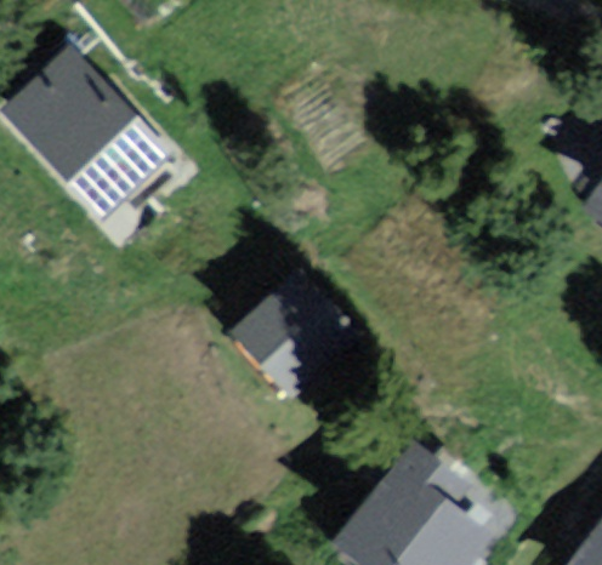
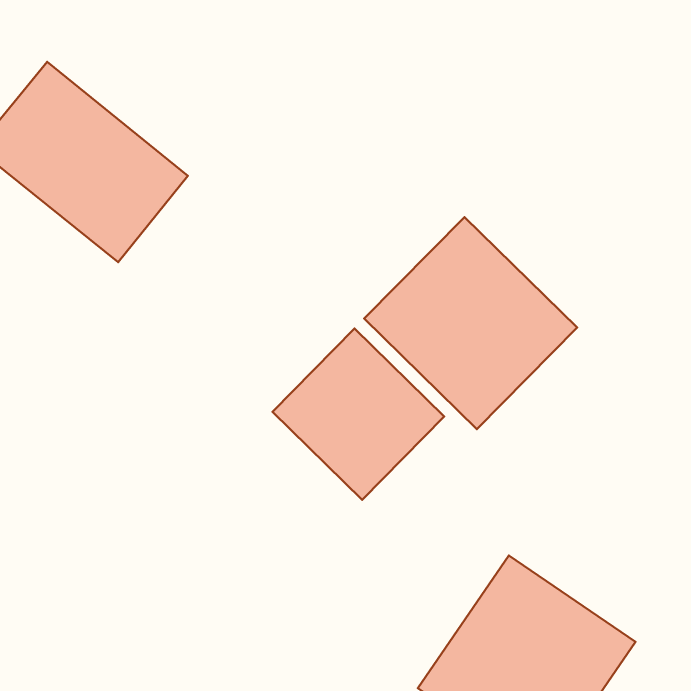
building: none -> [364,217,577,429]

